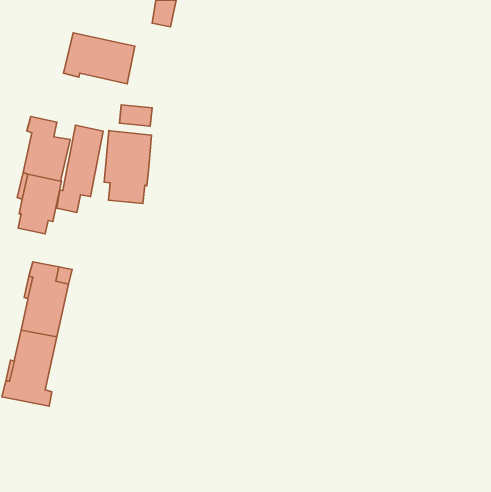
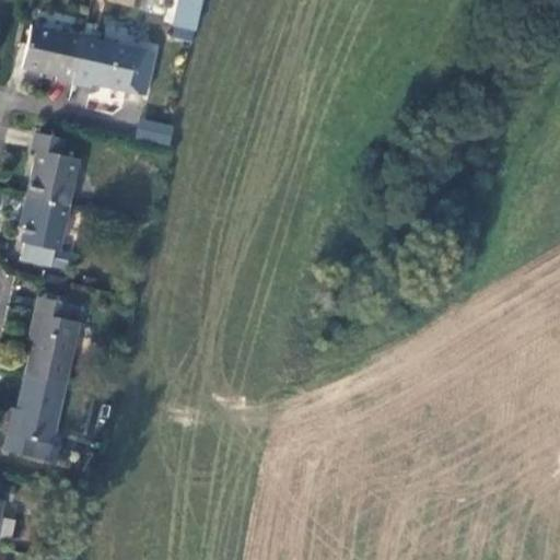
building: none -> [22,25,84,83]
building: [57,125,103,213] -> none
building: [104,130,151,203] -> none

